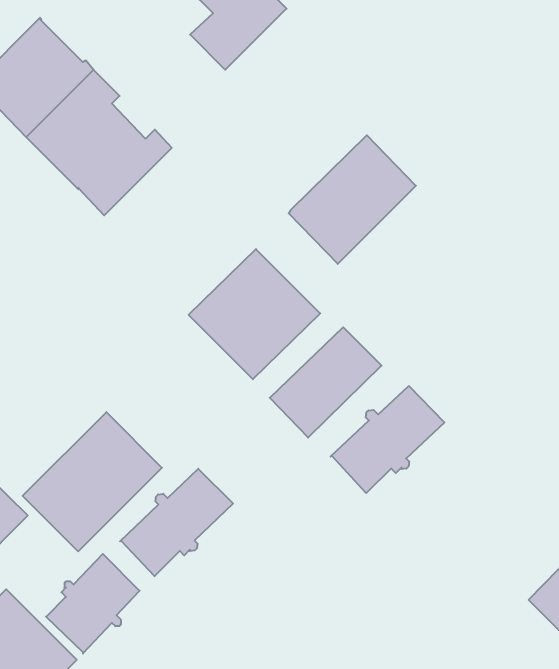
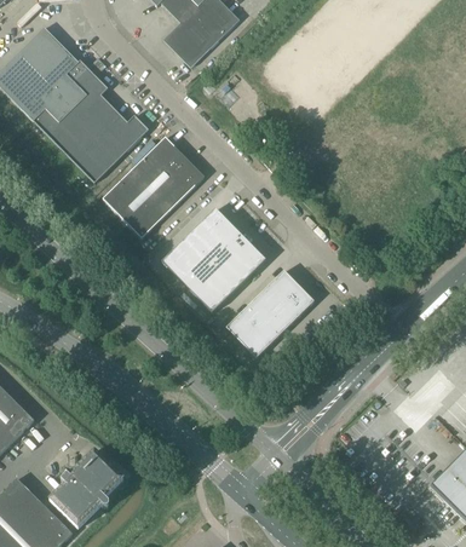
building: [289,135,416,264] -> [103,137,203,238]
building: [331,386,444,493] -> none
building: [23,412,162,551] -> none
building: [120,469,233,576] -> none

